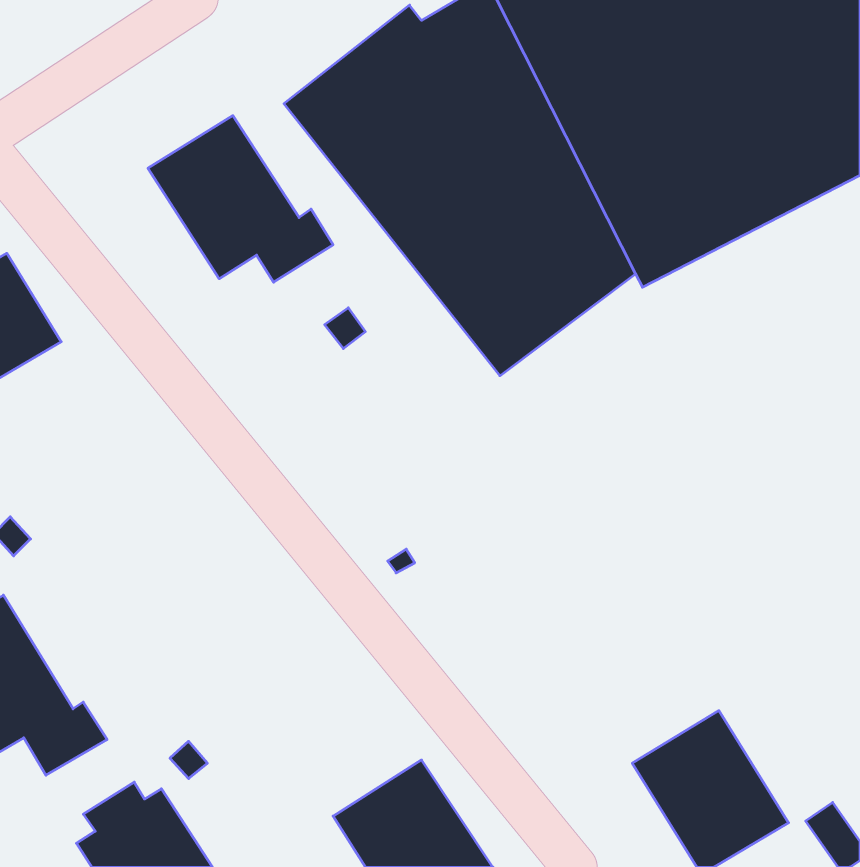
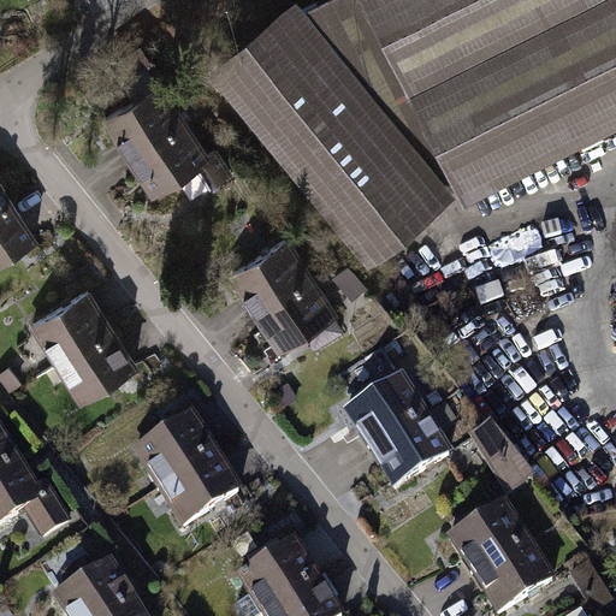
building: none -> [235,241,350,354]
building: none -> [31,289,142,408]
building: none -> [350,346,458,492]
building: none -> [132,414,242,531]
building: none -> [469,426,531,496]

